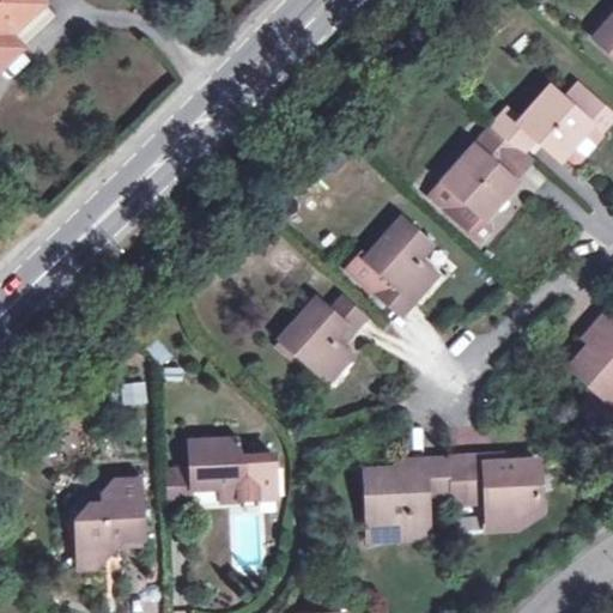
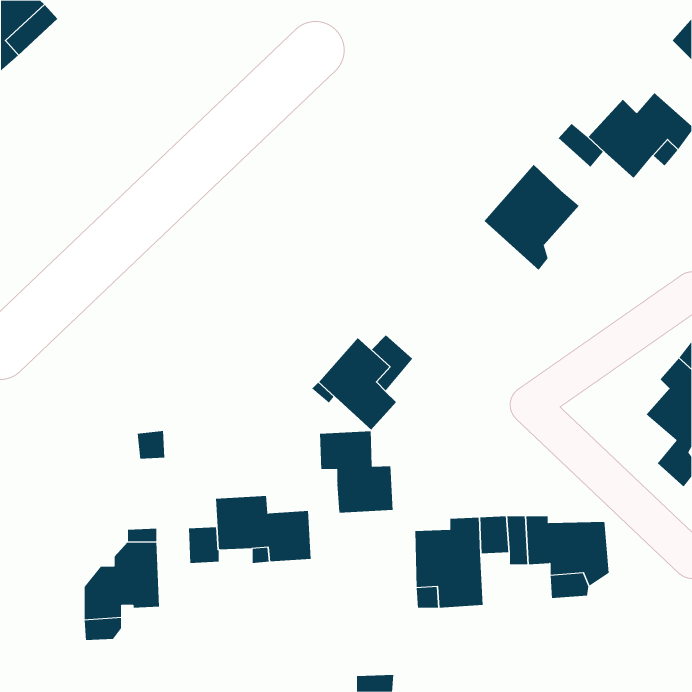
building: [472,122,520,169] -> none
building: [365,219,435,316] -> none
building: none -> [320,431,393,513]

